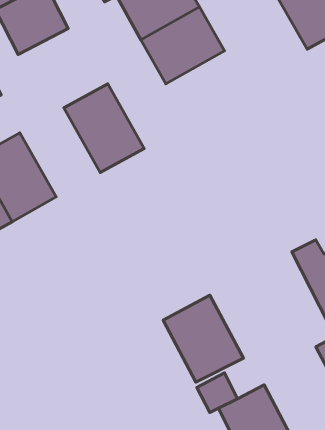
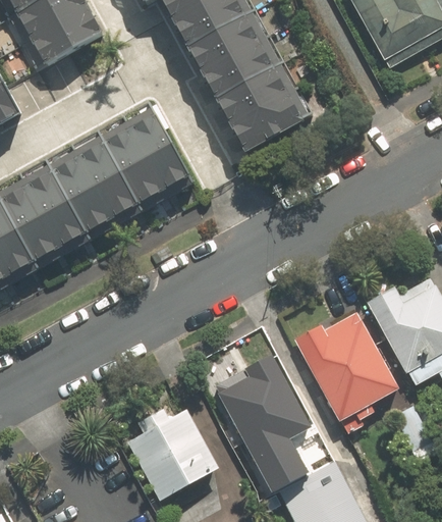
building: none -> [217,64,315,154]
building: none -> [45,132,140,237]
building: none -> [294,318,399,420]
building: none -> [127,408,218,498]

